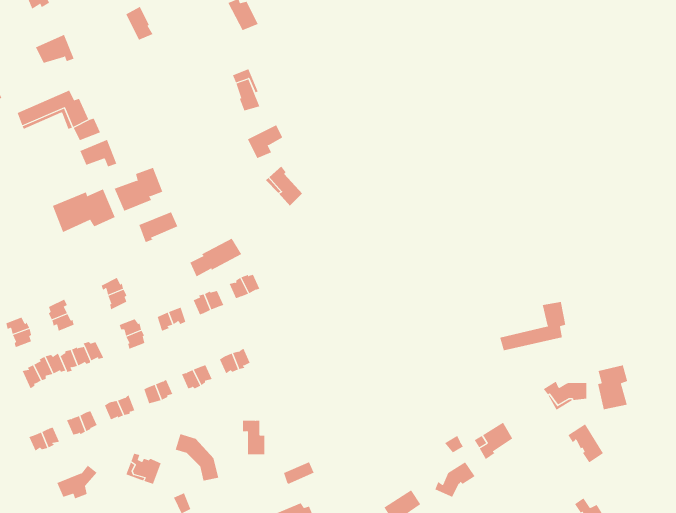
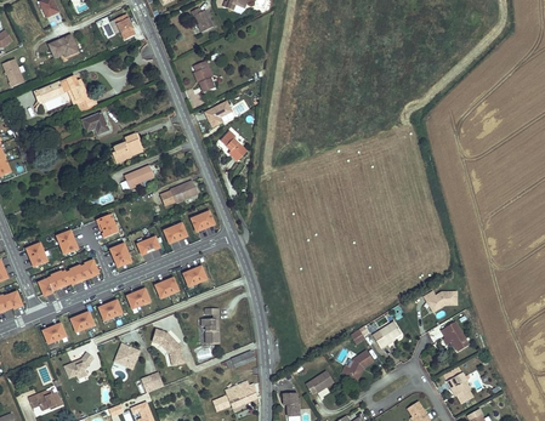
building: [52,189,115,233] -> none
building: [500,301,566,351] -> none
building: [597,365,628,410] -> none

